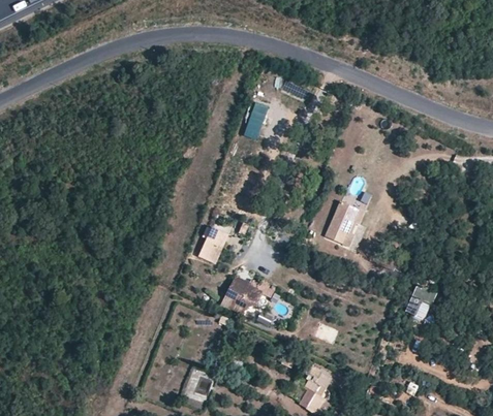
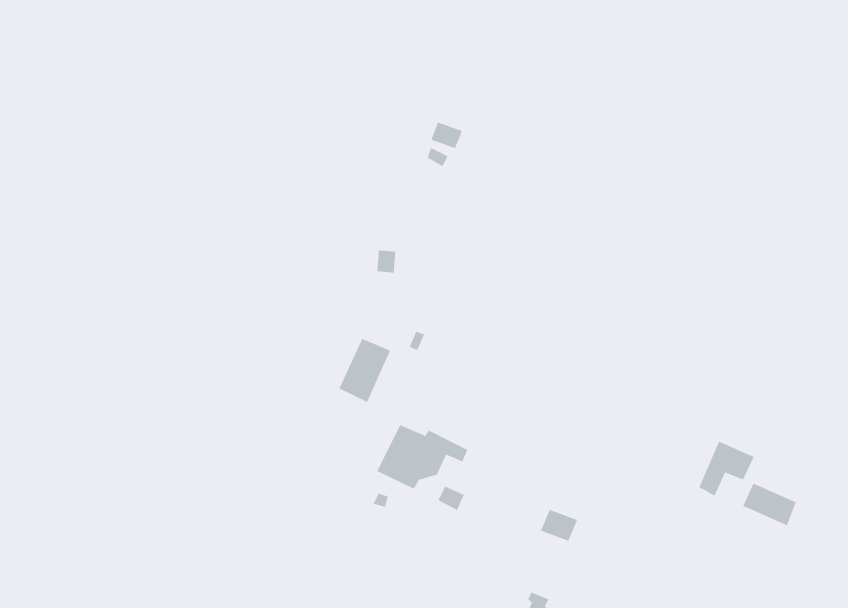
building: [325,201,364,249] -> none
building: none -> [743,483,797,526]

